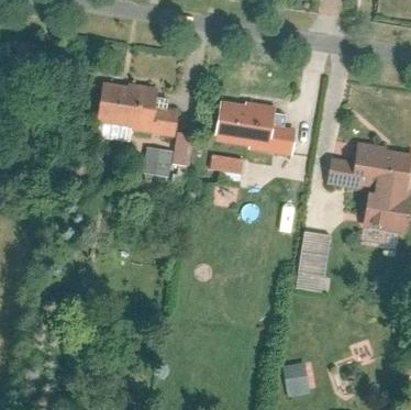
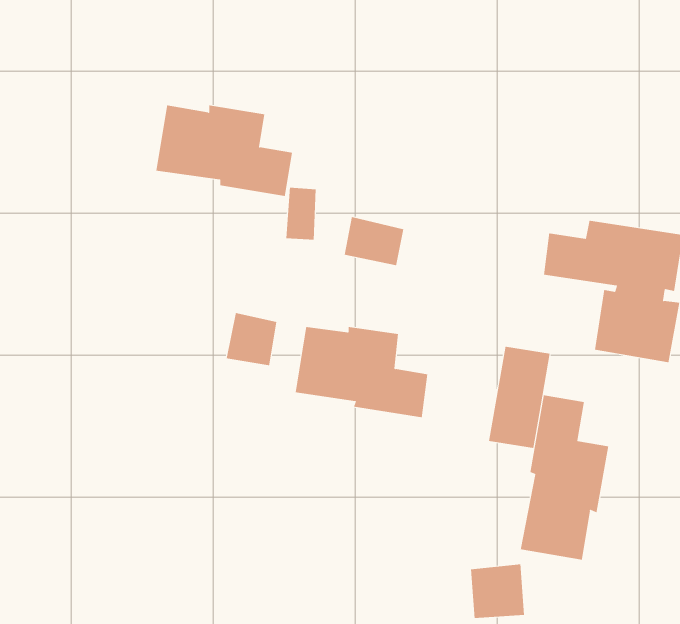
building: [214,101,295,156] -> [295,327,428,418]
building: [143,143,174,175] -> [226,313,277,366]
building: none -> [520,394,609,560]

